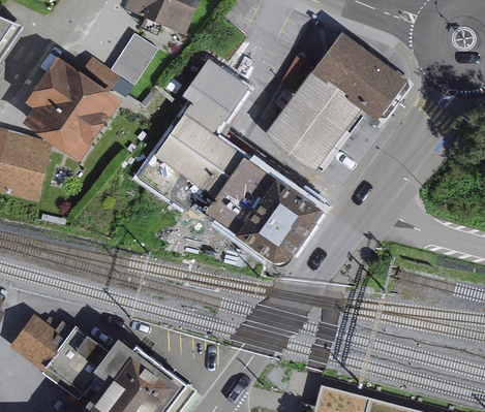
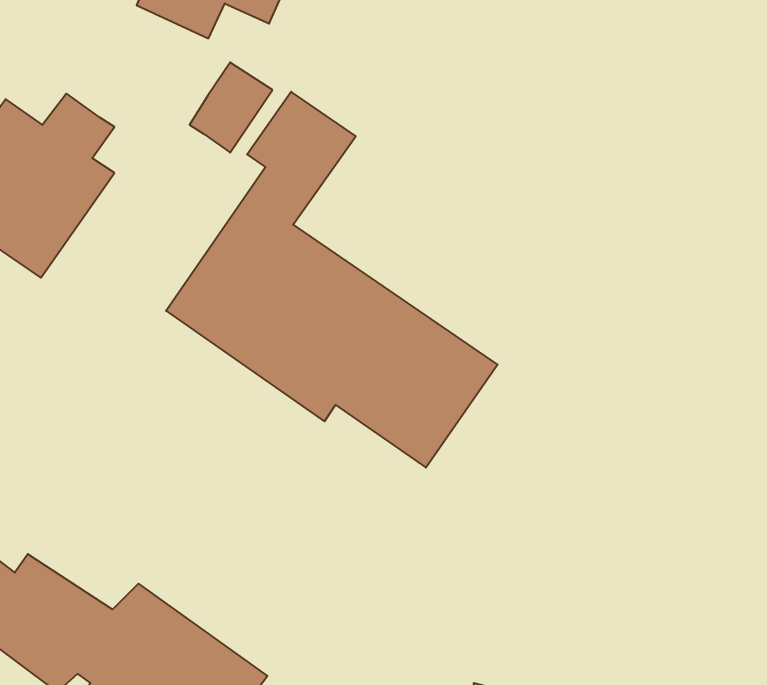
building: [261,29,398,165] -> none
building: [105,35,152,86] -> [190,62,272,153]

